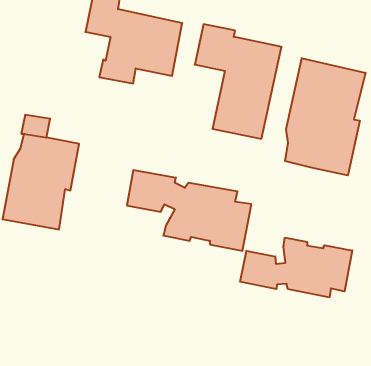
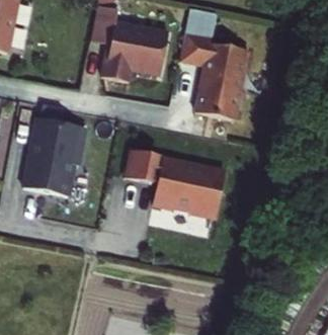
building: [285,58,366,175] -> none
building: [240,238,352,297] -> none

